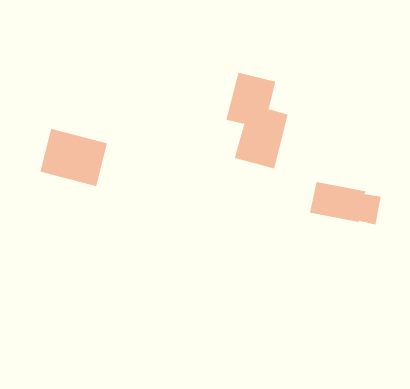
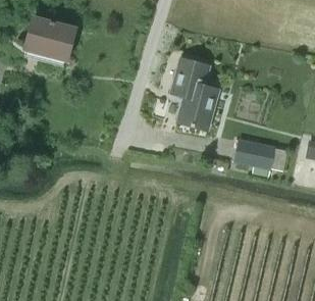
building: [40,128,108,187] -> [23,16,74,60]

